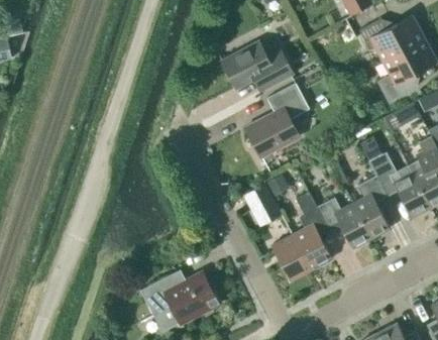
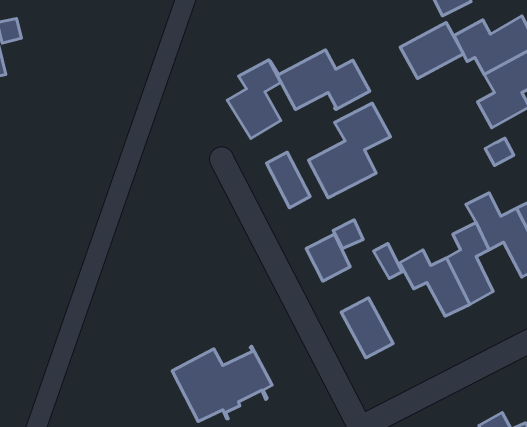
building: none -> [400,22,463,78]
building: none -> [227,60,281,138]
building: none -> [267,152,310,208]
building: [293,223,332,269] -> none

